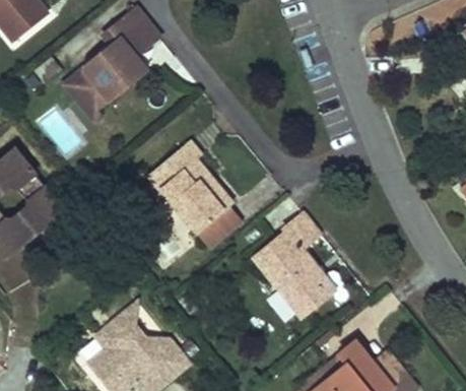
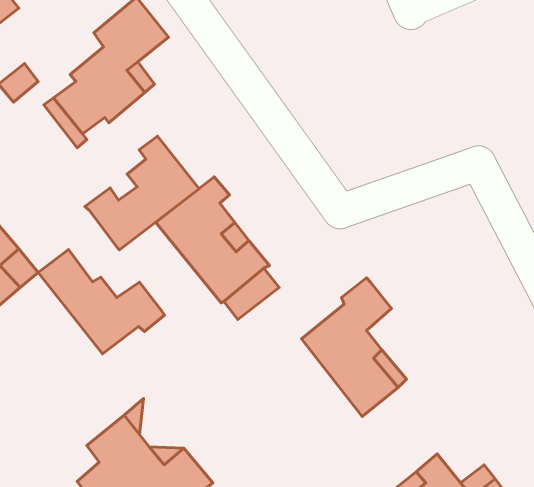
building: none -> [85,136,199,250]
building: none -> [38,249,165,354]

